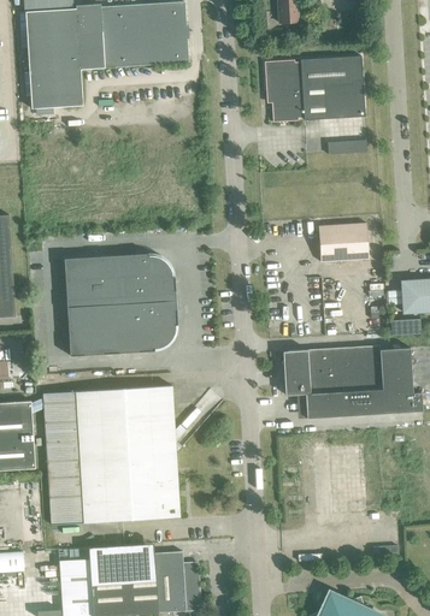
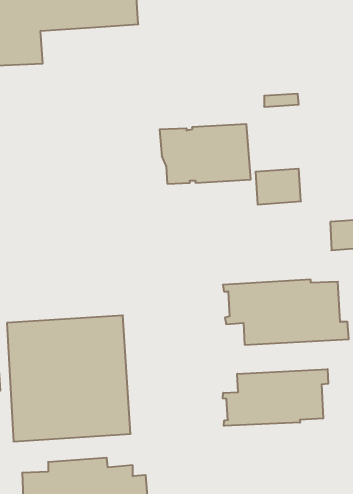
building: [264,55,365,122] -> [160,124,251,184]
building: [64,254,177,356] -> none
building: none -> [223,369,328,426]

